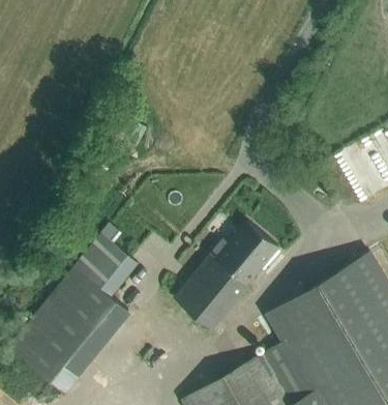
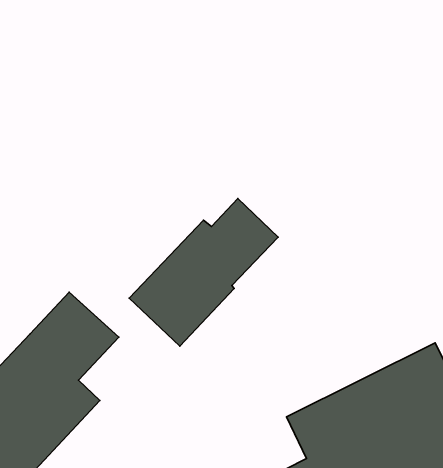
building: [174,223,278,332] -> [129,198,278,346]

